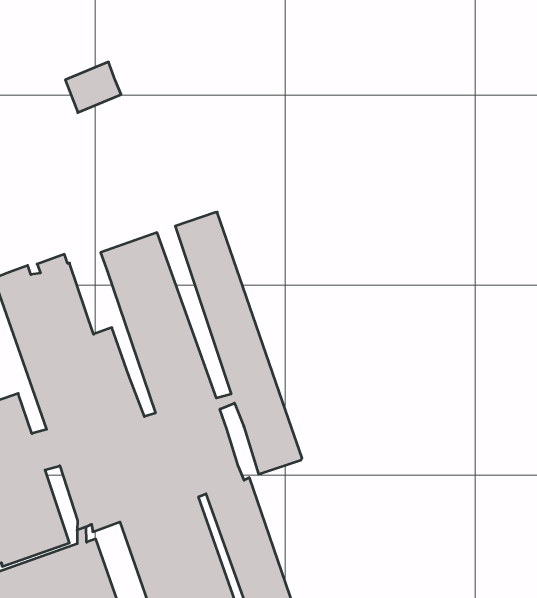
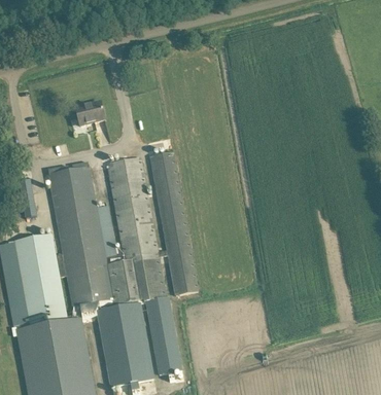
building: [65,62,121,113] -> [74,100,103,124]

